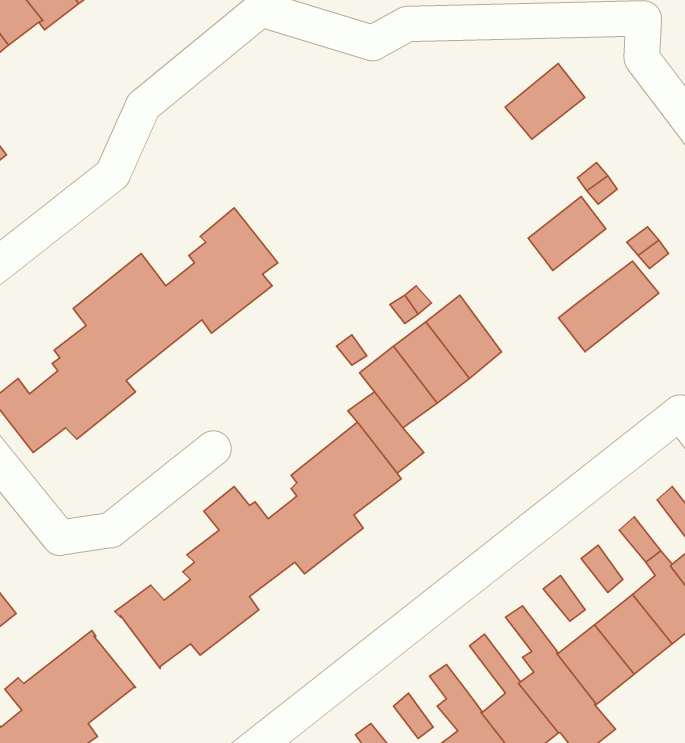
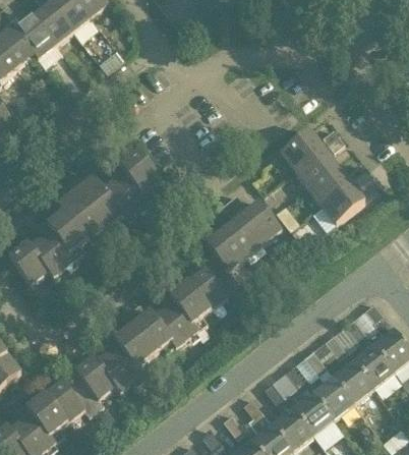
building: [505,63,585,139] -> [282,128,325,169]
building: none -> [309,164,352,204]
building: none -> [63,372,104,417]

